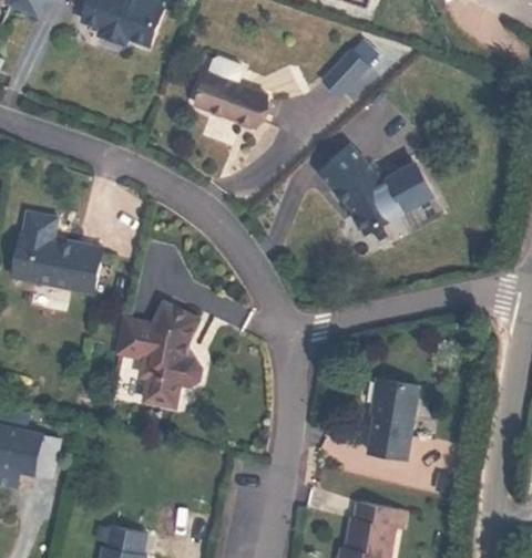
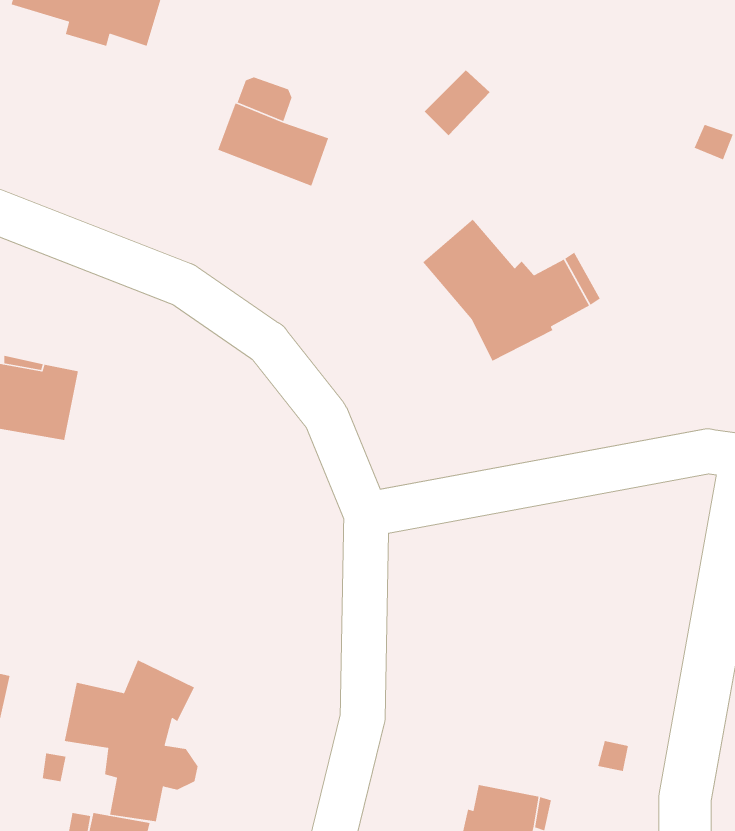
building: [117,298,203,401] -> [64,659,199,822]
building: [366,384,416,465] -> none

